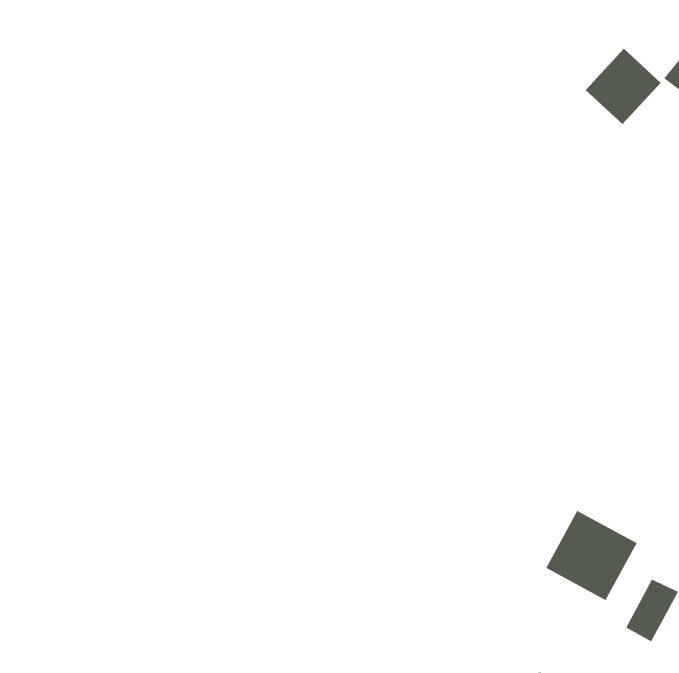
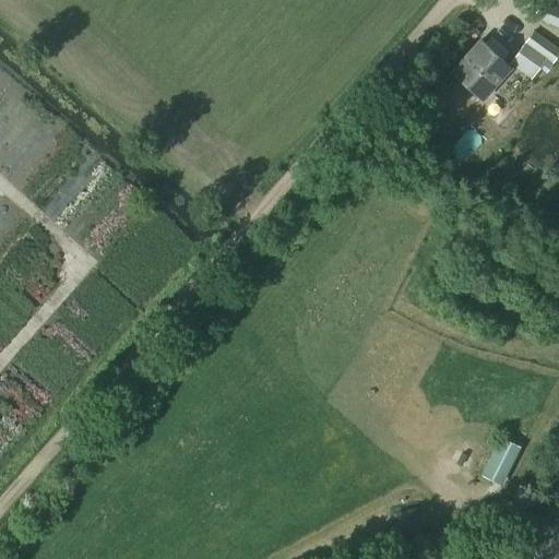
building: [545,510,638,601] -> none

